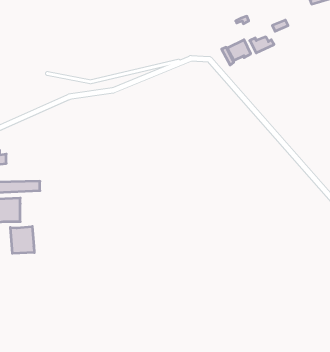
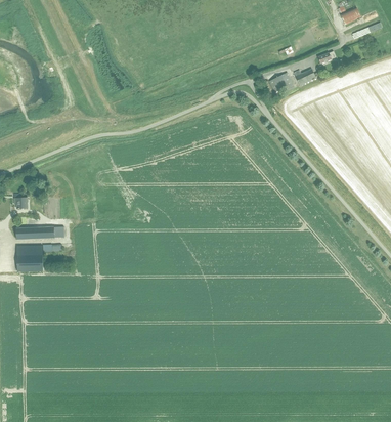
building: [10,226,34,253] -> none

